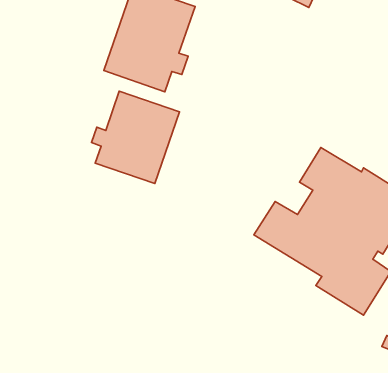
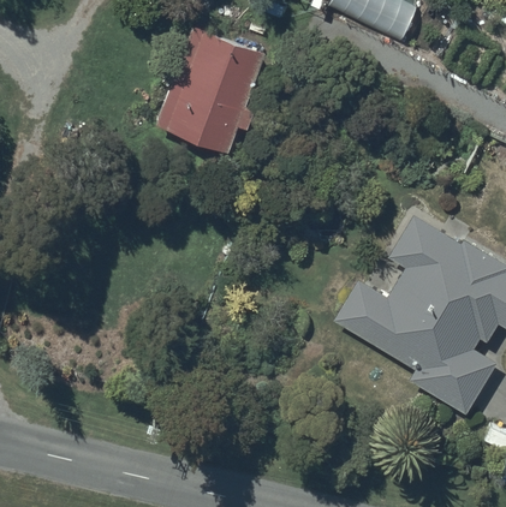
building: [91,91,179,184] -> none

